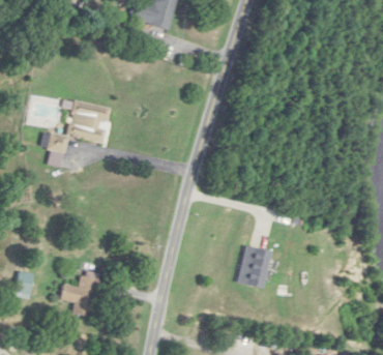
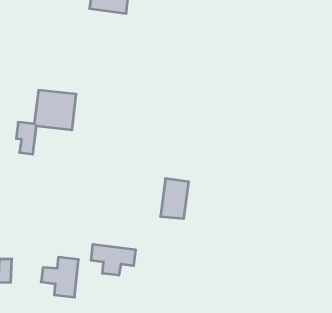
building: [237,243,269,286] -> [160,179,189,219]
building: none -> [91,244,136,275]

